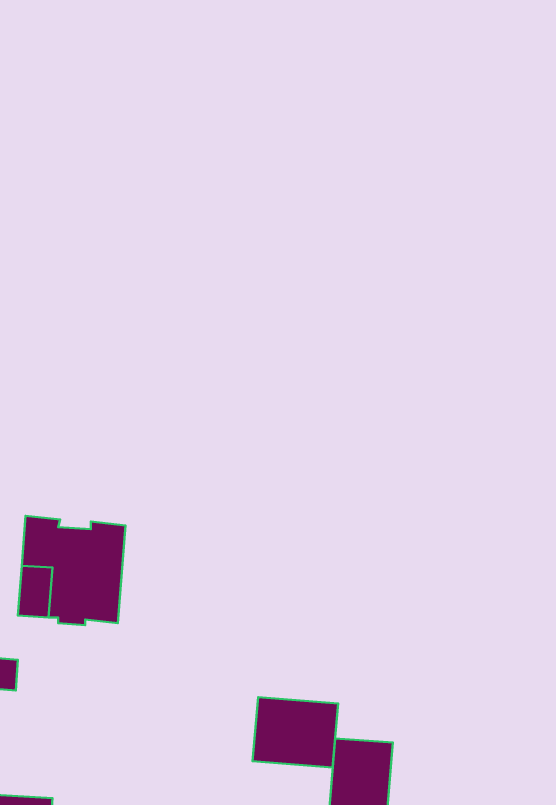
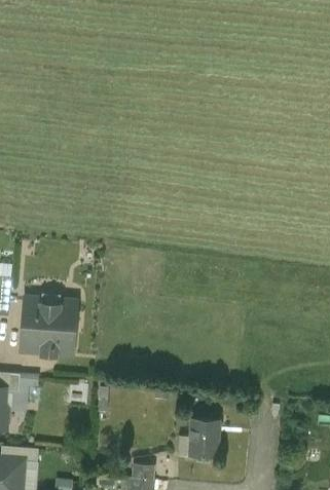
building: [252,697,338,768] -> none

